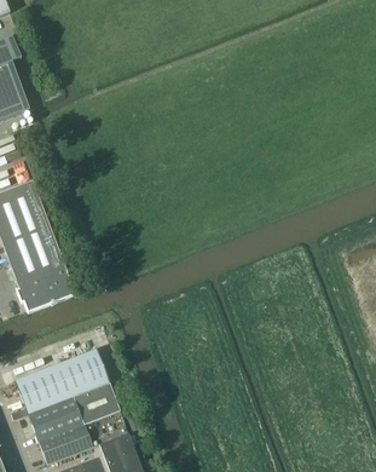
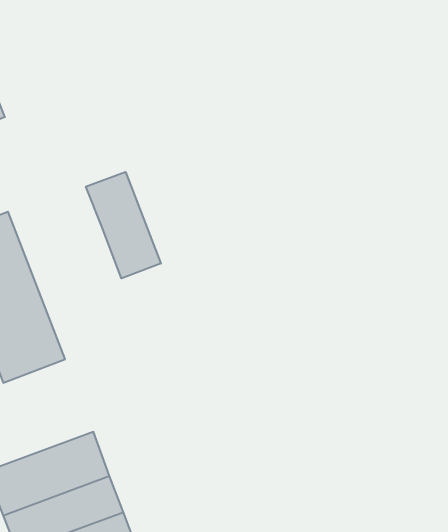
building: none -> [86,172,161,278]

